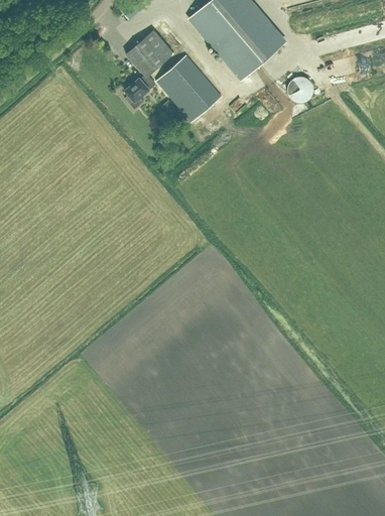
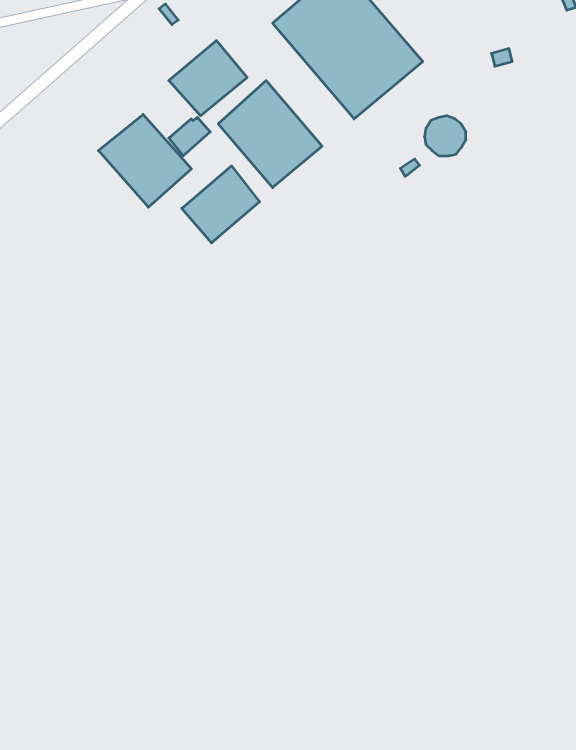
building: none -> [98,114,191,207]
building: none -> [182,166,260,243]

